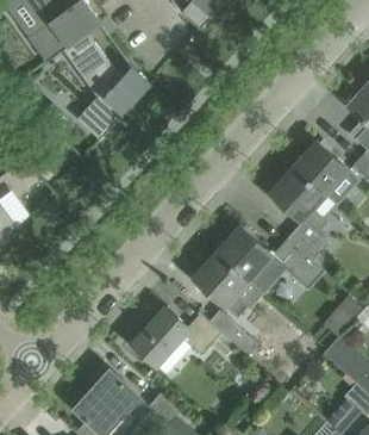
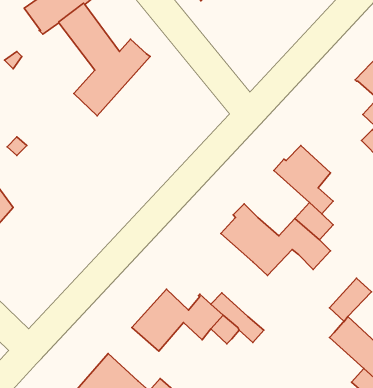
building: [295,139,359,205] -> none
building: [193,253,249,316] -> none

